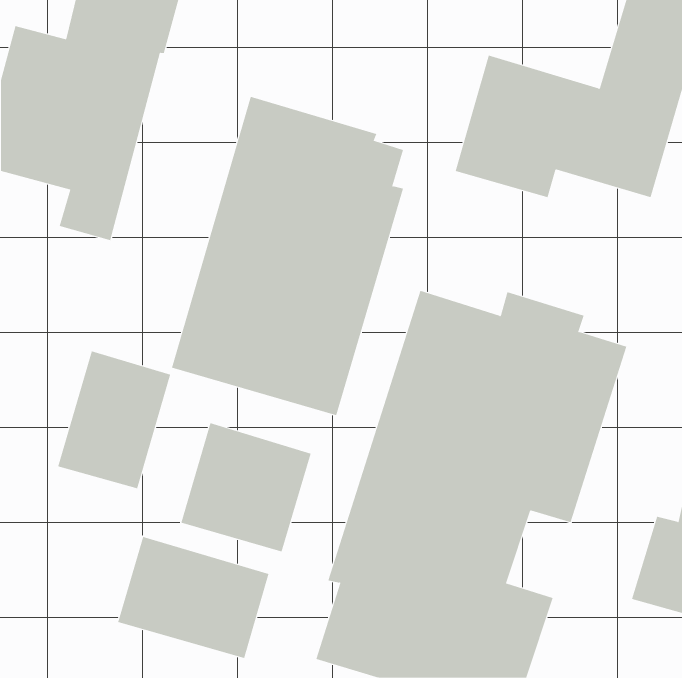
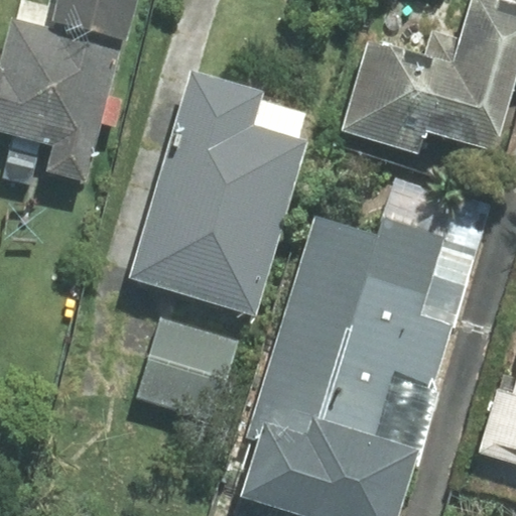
building: [58,351,171,489] -> none
building: [117,536,269,659] -> none

